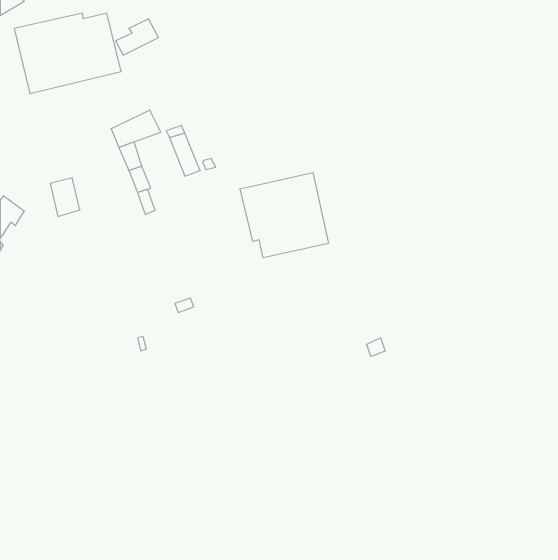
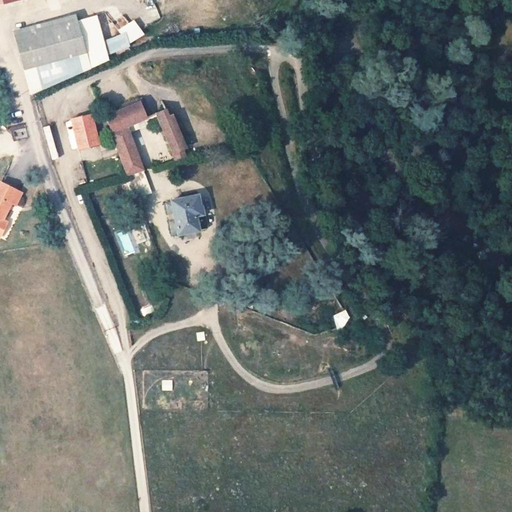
building: [240,172,329,258] -> none
building: [50,178,80,216] -> [70,113,97,148]
building: none -> [163,194,207,233]

